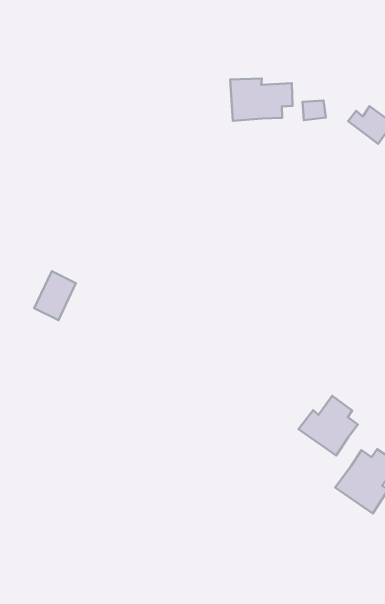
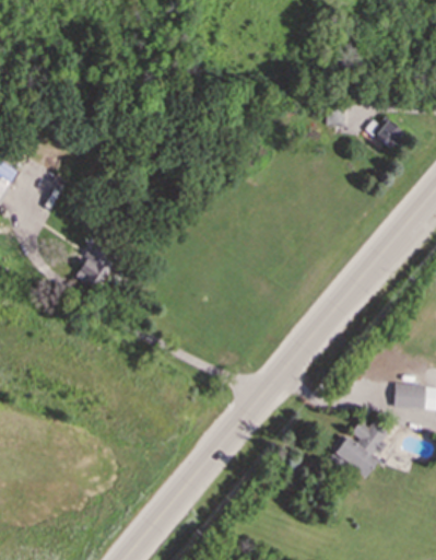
building: [230,78,292,121] -> none
building: [299,396,358,455] -> none

